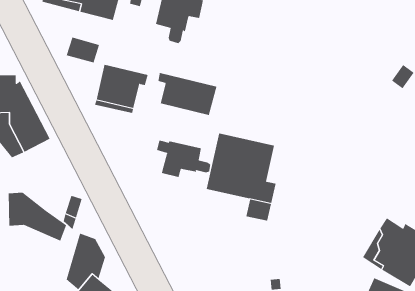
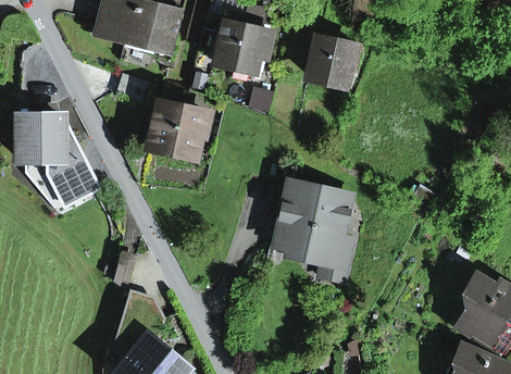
building: none -> [309,36,359,82]
building: [158,72,217,116] -> none
building: [156,140,211,178] -> none
building: [8,192,67,241] -> none

